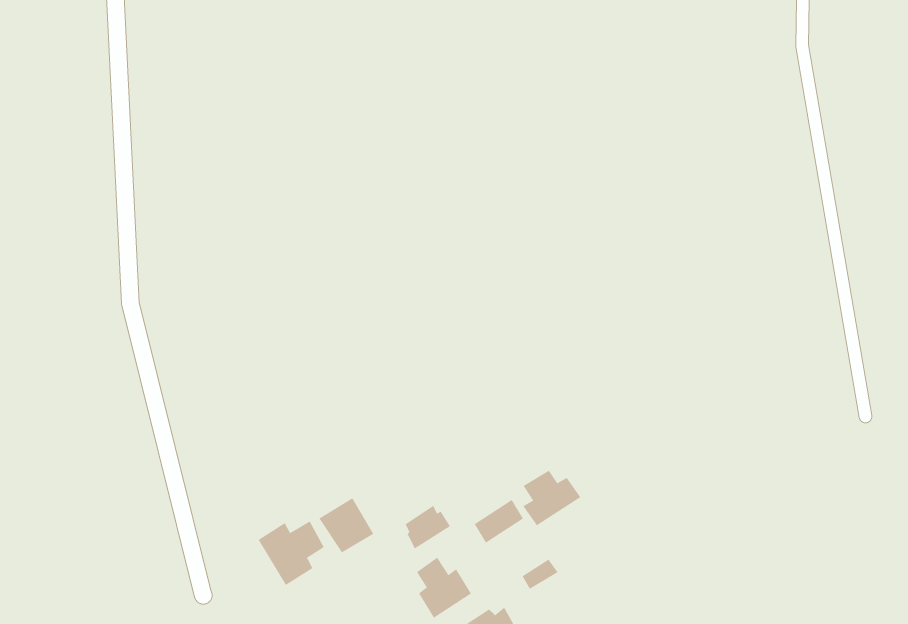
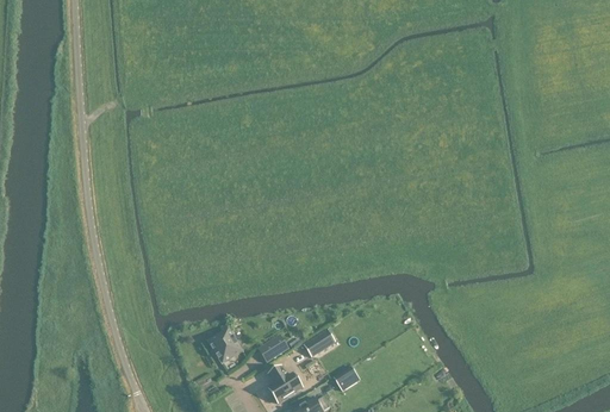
building: [523,470,581,526] -> none
building: [258,520,325,586] -> none

